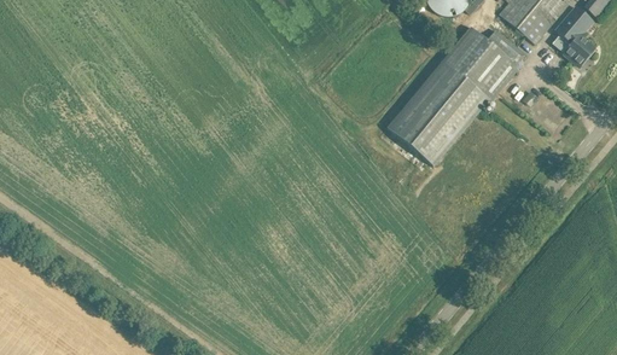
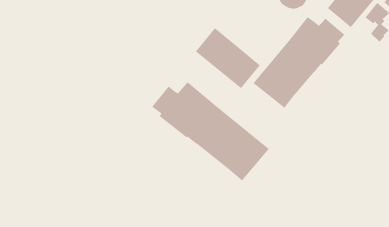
building: none -> [195,27,261,89]
building: none -> [151,81,270,182]

